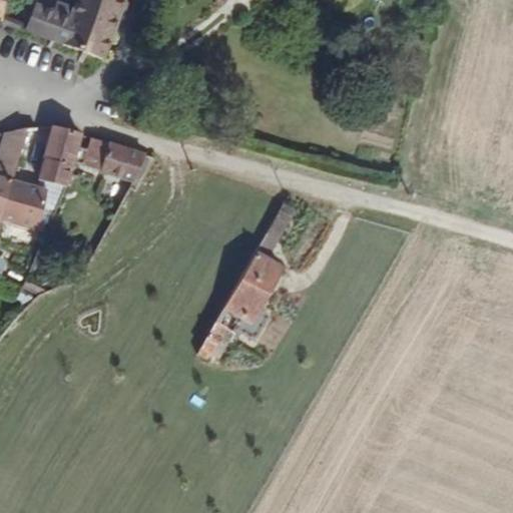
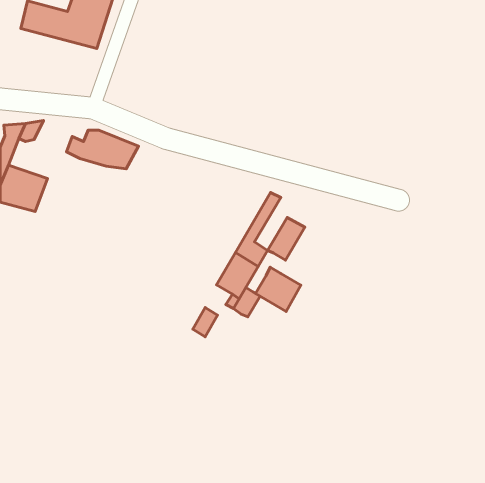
building: [38,133,79,186] -> none
building: none -> [268,217,305,260]
building: none -> [256,267,301,311]

